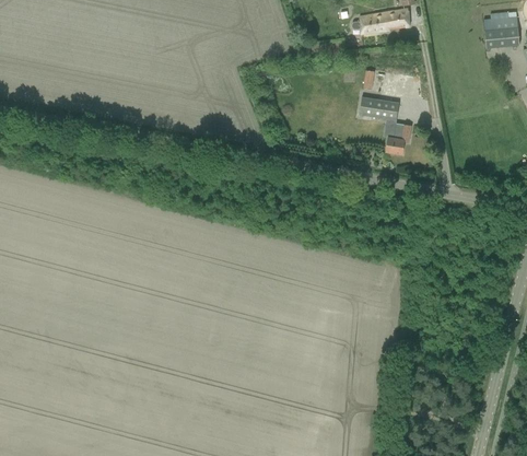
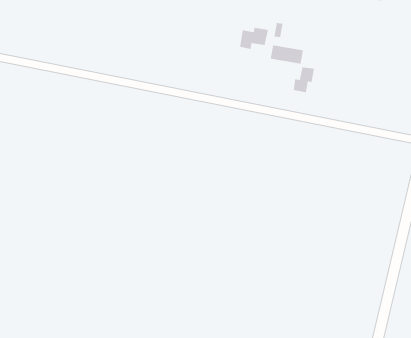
building: none -> [239,27,269,50]

